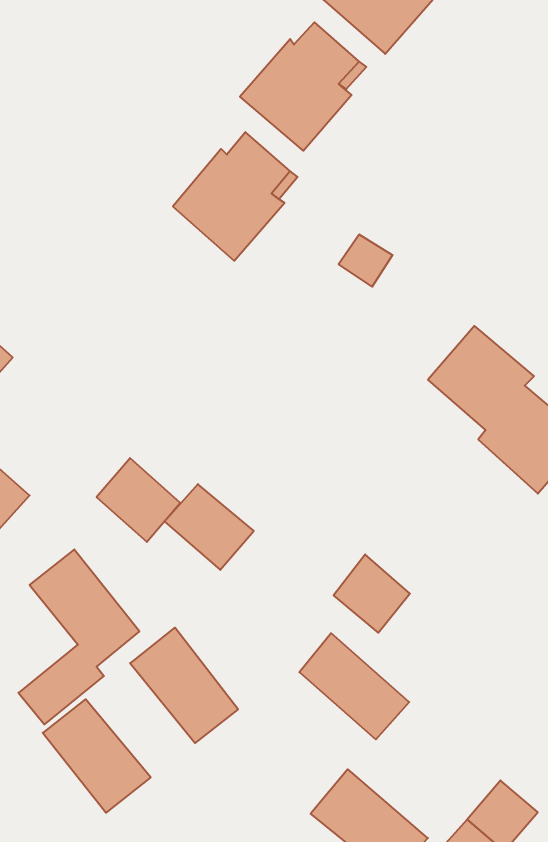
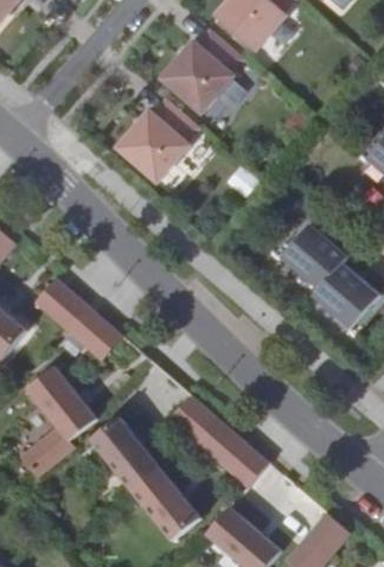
building: [164,484,254,570] -> [33,278,90,332]
building: [334,554,410,633] -> [169,394,218,444]
building: [43,699,151,813] -> [132,467,200,540]

